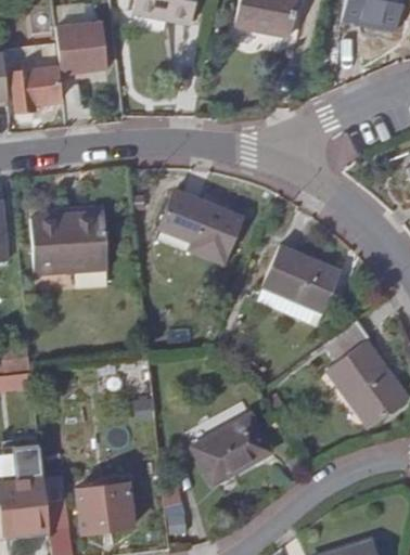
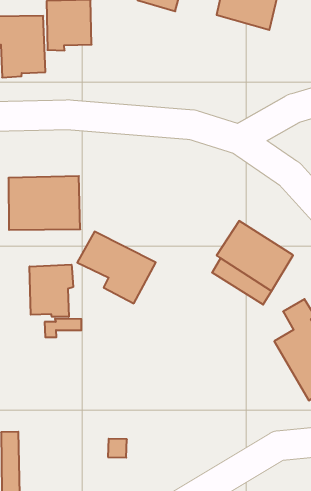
building: [163,191,246,263] -> [77,232,156,303]
building: none -> [30,265,73,317]
building: [194,417,270,482] -> none
building: [76,486,132,535] -> none

